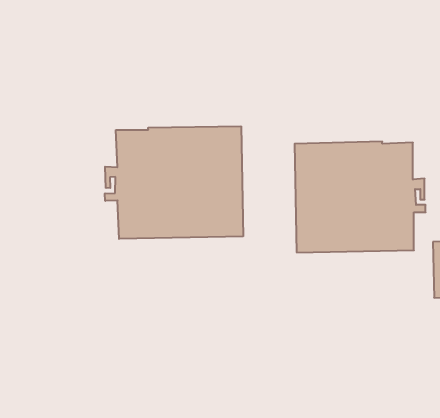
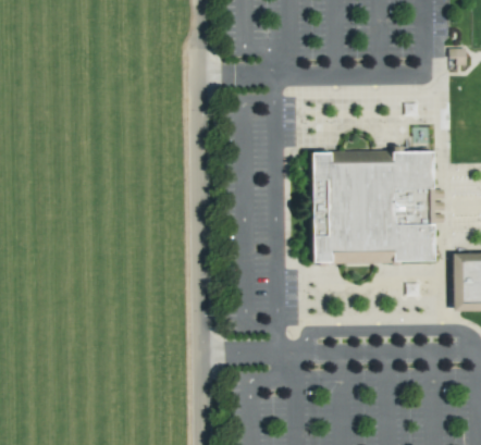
building: [105,126,243,239] -> none

